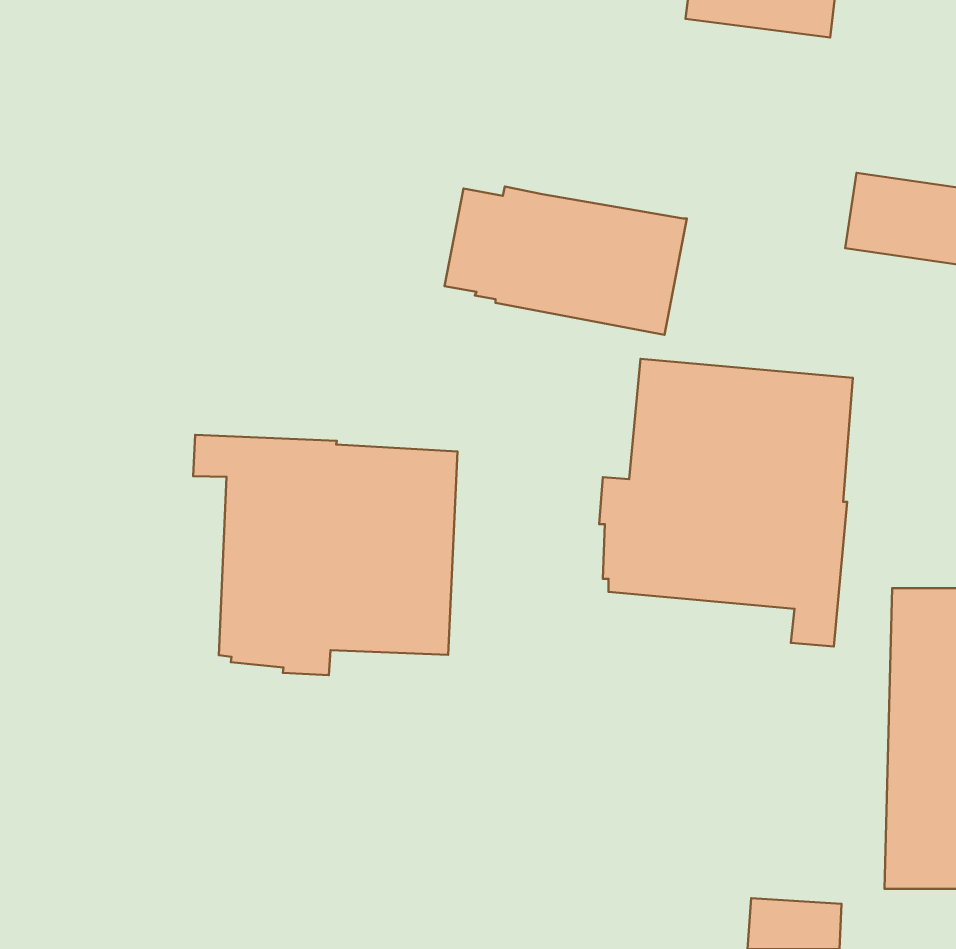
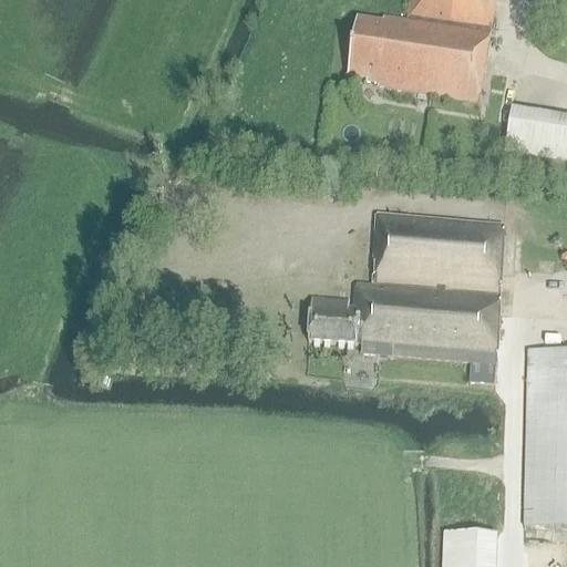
building: [445,186,687,335] -> [349,13,492,101]
building: [193,435,457,675] -> none
building: none -> [309,296,359,341]

